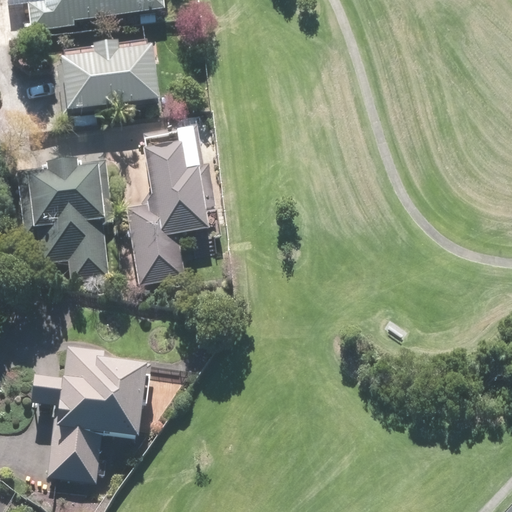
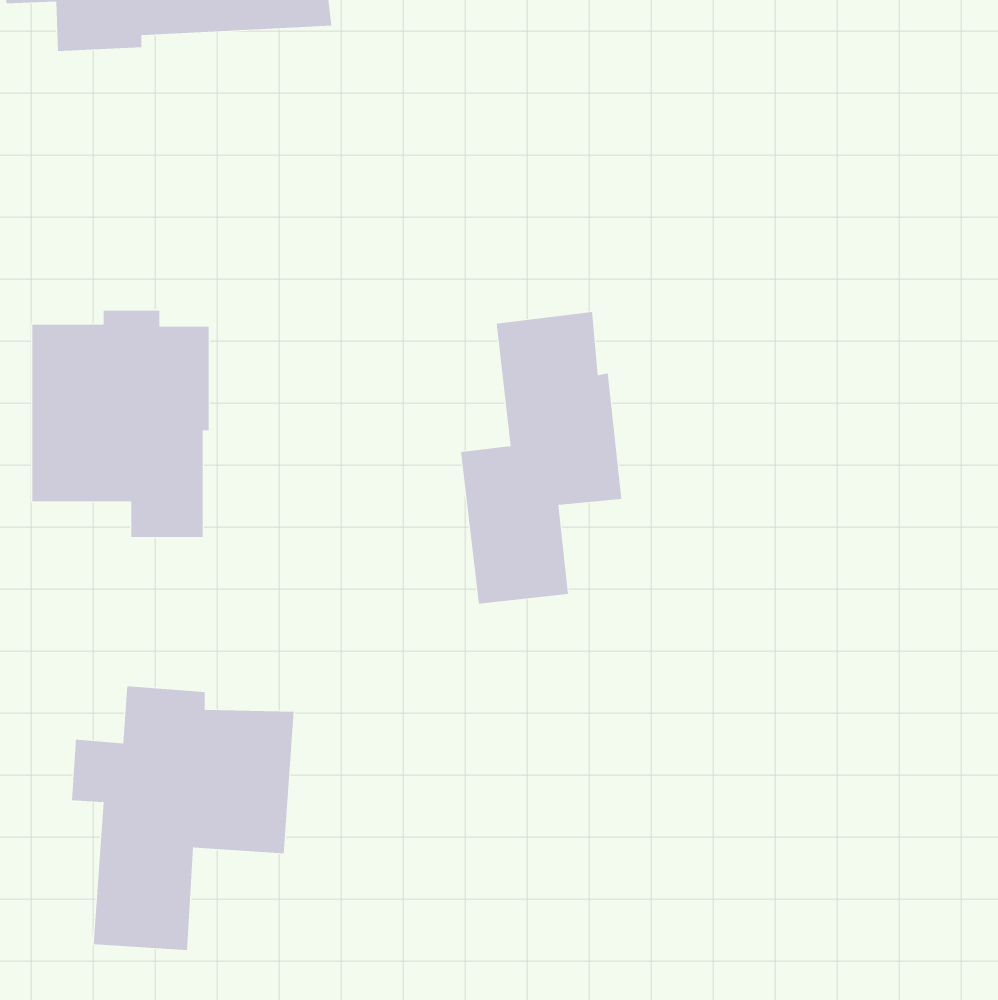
building: [57,42,163,107] -> none
building: [128,133,210,281] -> [460,312,622,604]

